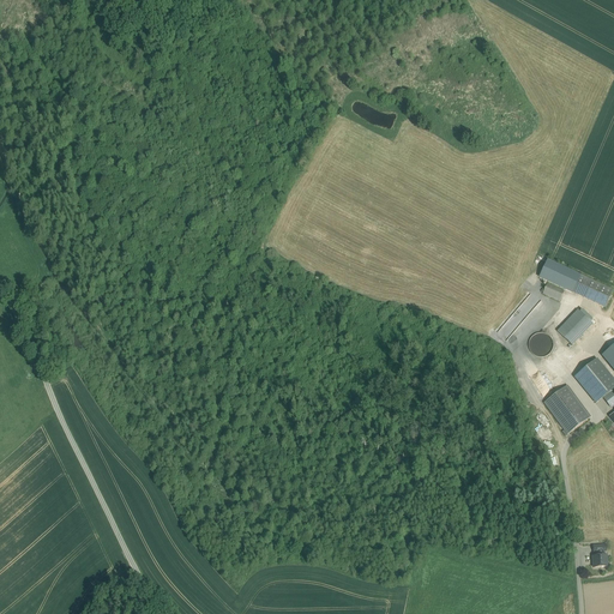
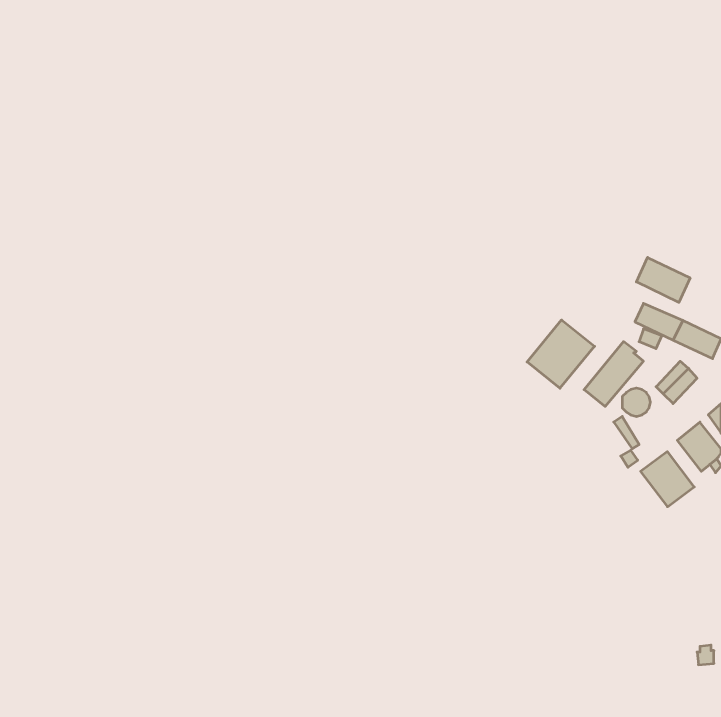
building: none -> [636,257,690,302]
building: none -> [527,320,595,388]

